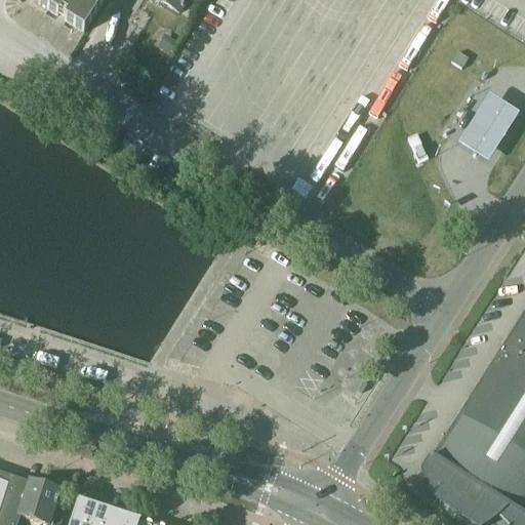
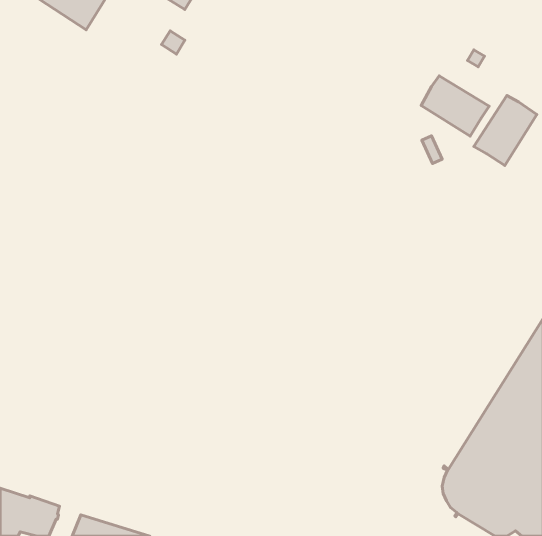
building: none -> [421,76,489,136]

